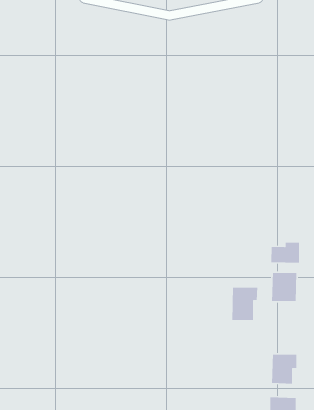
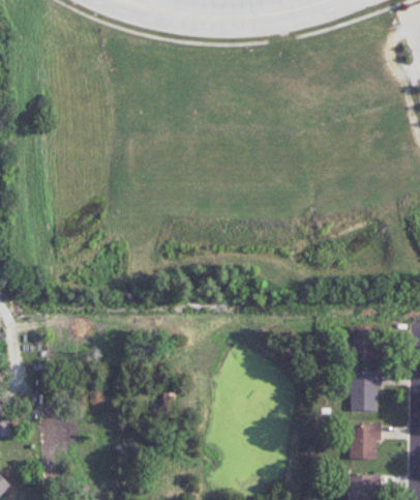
building: [270,242,300,264] -> none
building: [231,287,258,321] -> [351,372,383,412]

